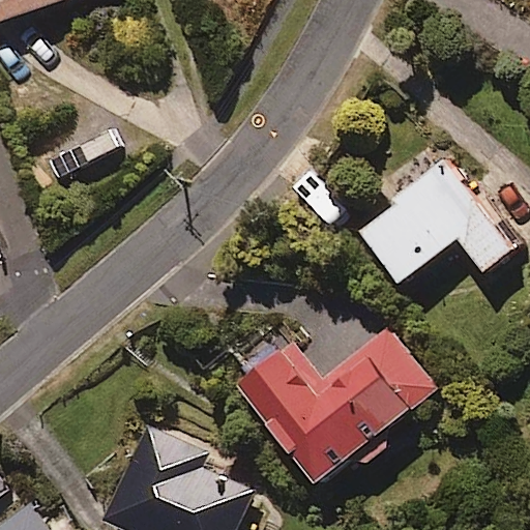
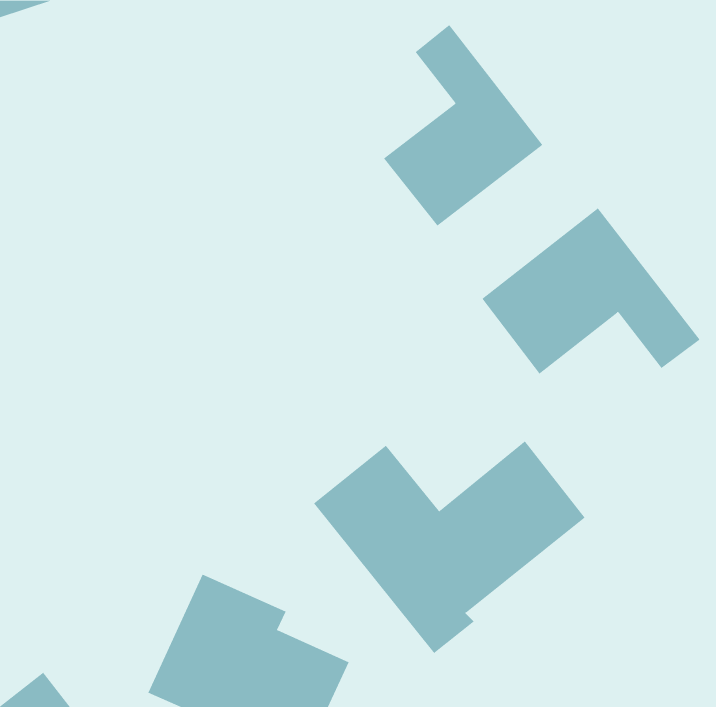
building: none -> [383,24,543,226]

